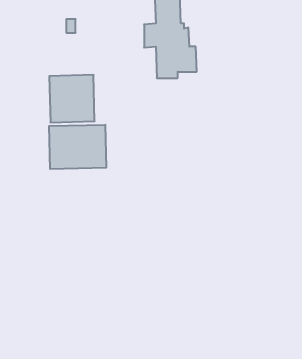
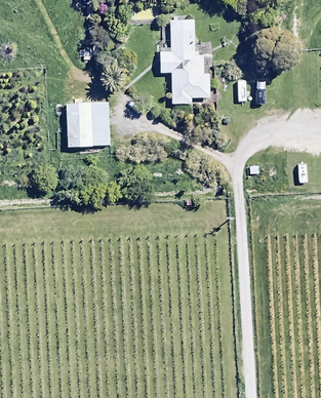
building: [49,125,106,169] -> none

